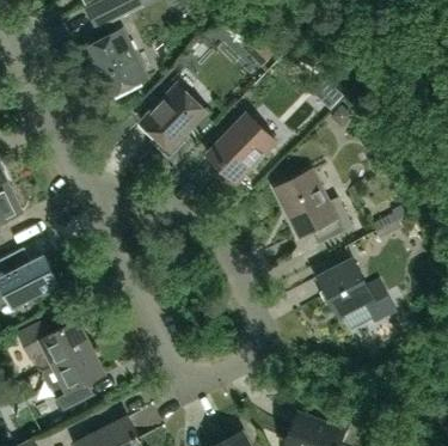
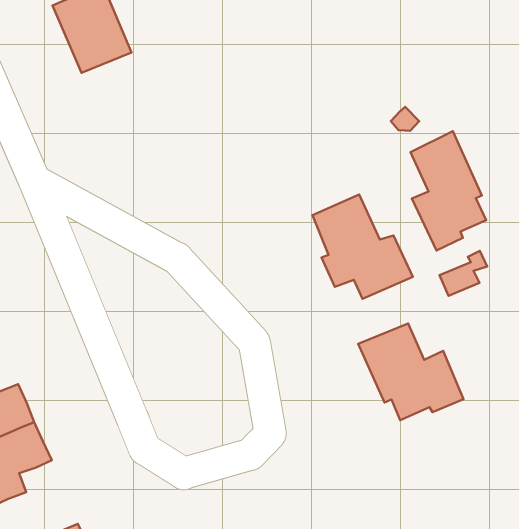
building: [140,84,205,149] -> none
building: [208,114,274,179] -> none
building: none -> [411,131,486,250]

